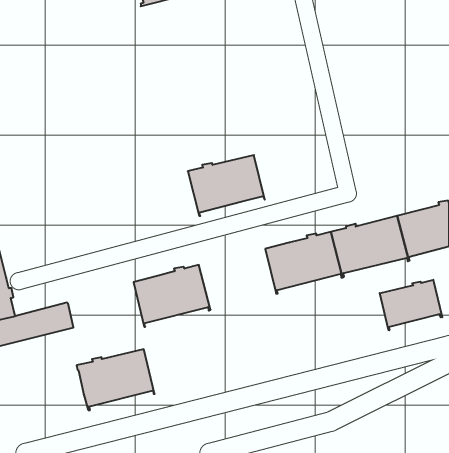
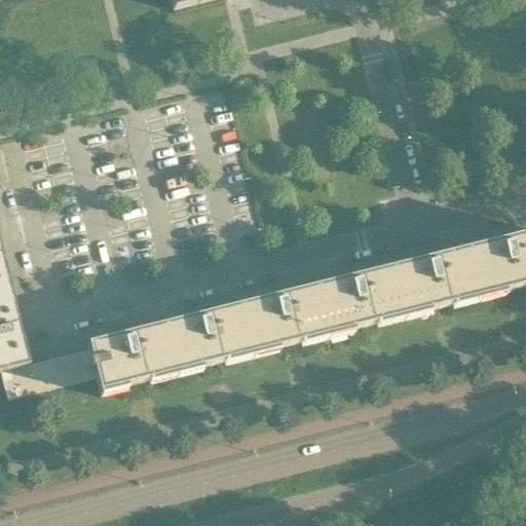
building: [188,155,265,216] -> [228,286,316,355]
building: [380,280,442,330] -> none
building: [77,349,155,410] -> [76,324,165,393]

